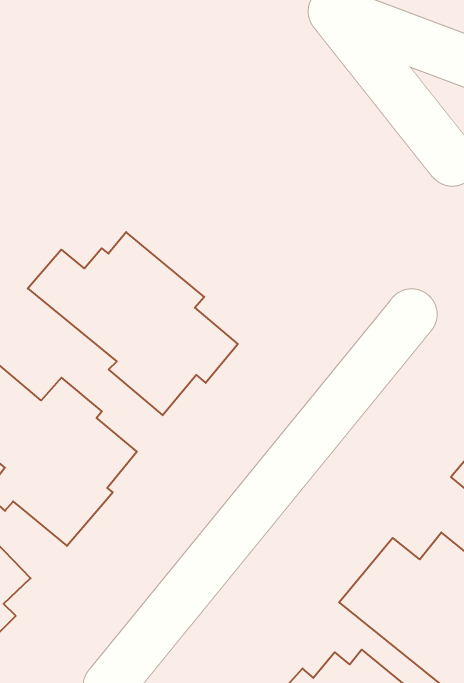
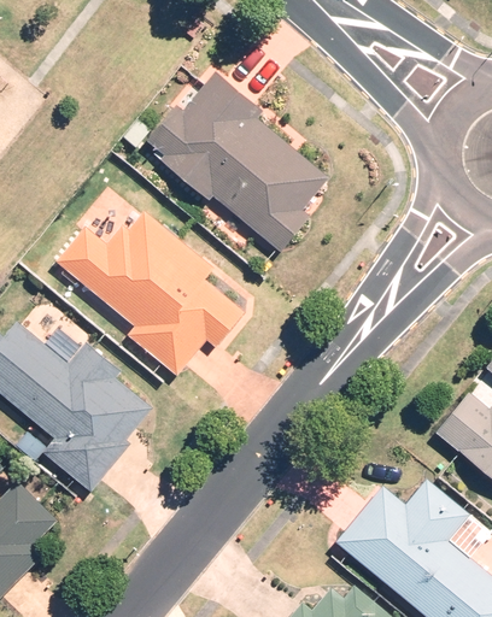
building: none -> [146,72,329,251]

